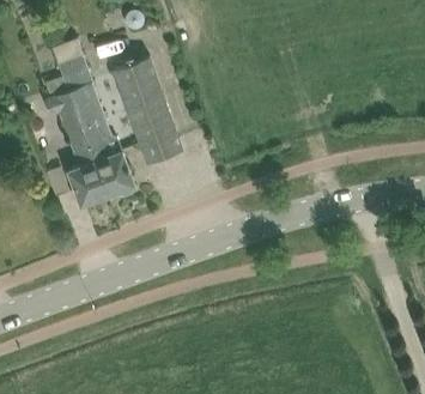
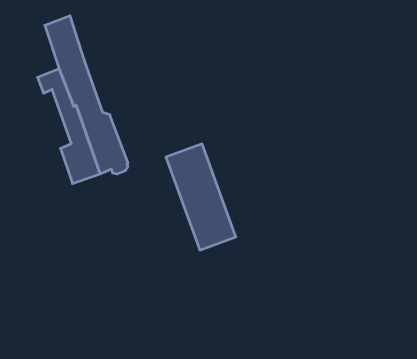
building: [113,59,182,164] -> [166,144,236,250]

